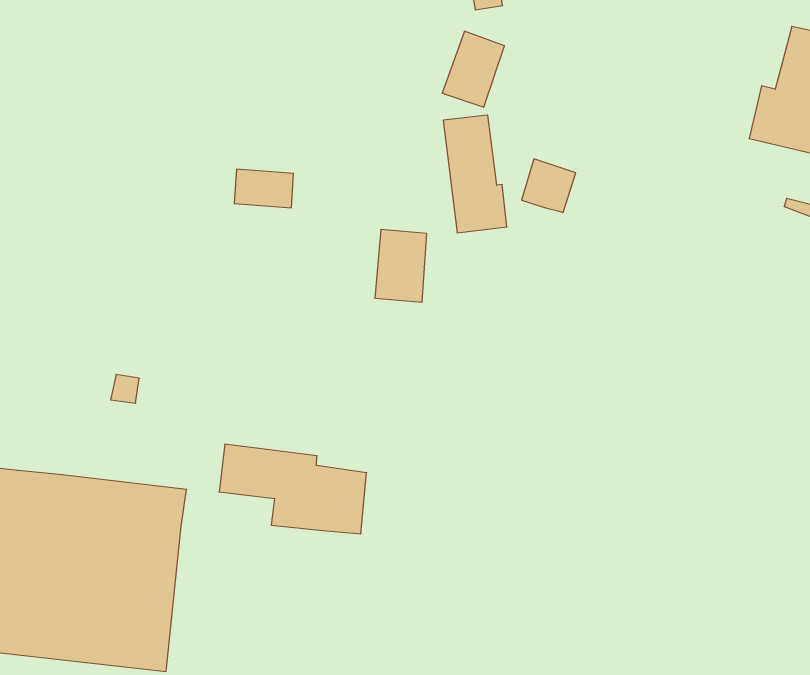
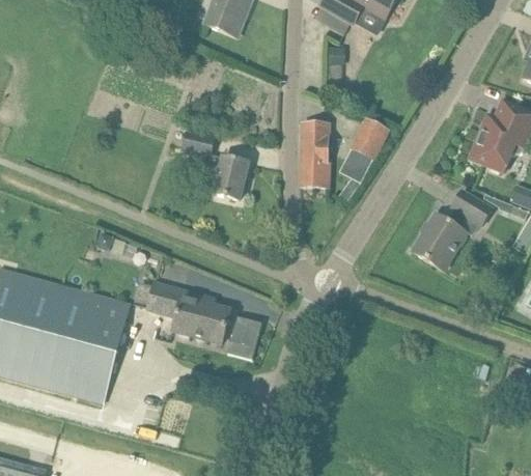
building: [442,31,504,107] -> [348,119,387,163]
building: none -> [412,191,491,271]
building: [375,229,427,302] -> [213,157,247,200]
building: none -> [222,310,257,354]

